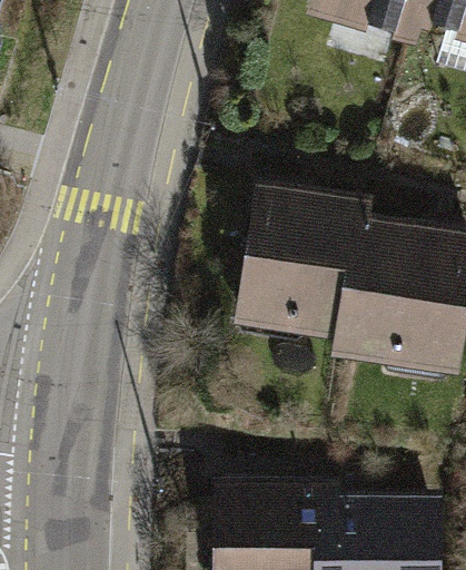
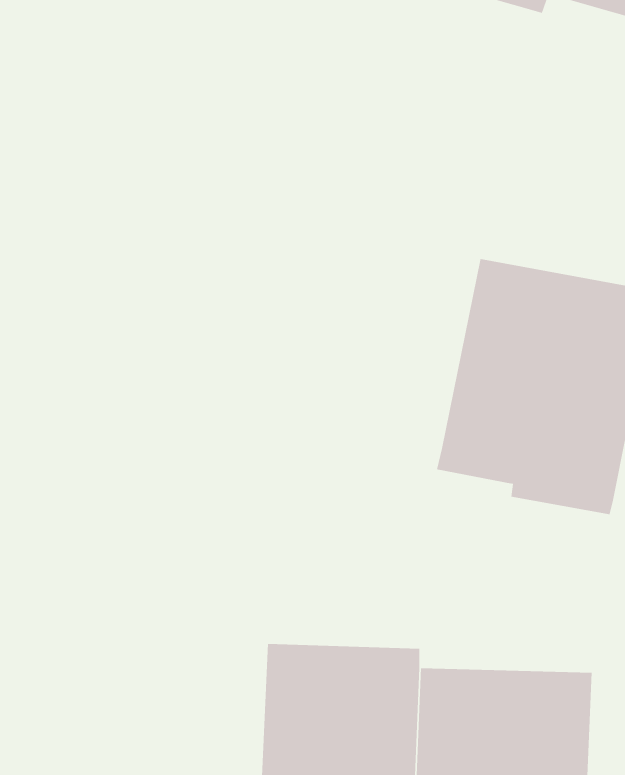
building: [230,168,368,347] -> none

